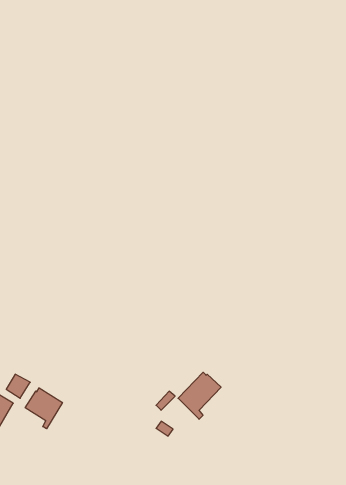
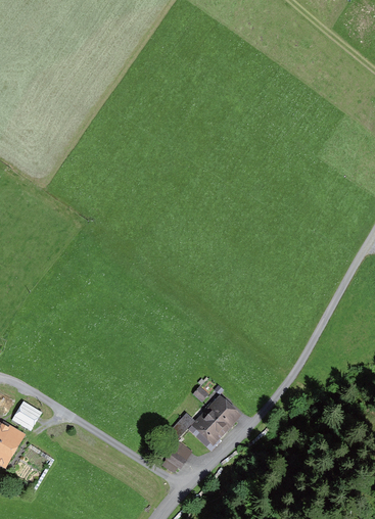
building: [25,388,62,429] -> none

